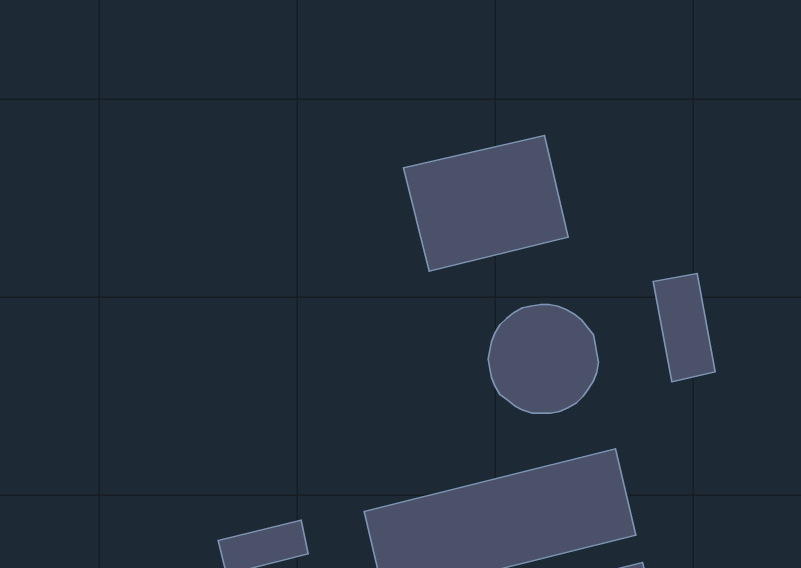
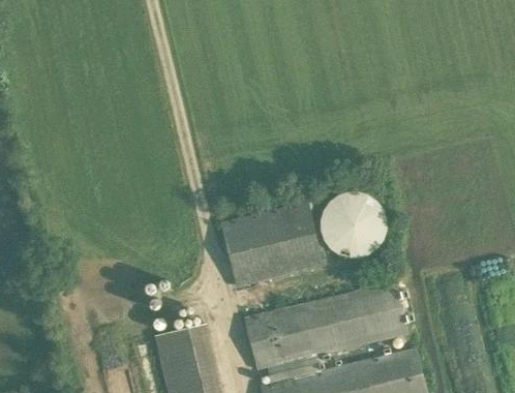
building: [404,135,568,271] -> [222,204,323,286]
building: [653,274,715,382] -> none

